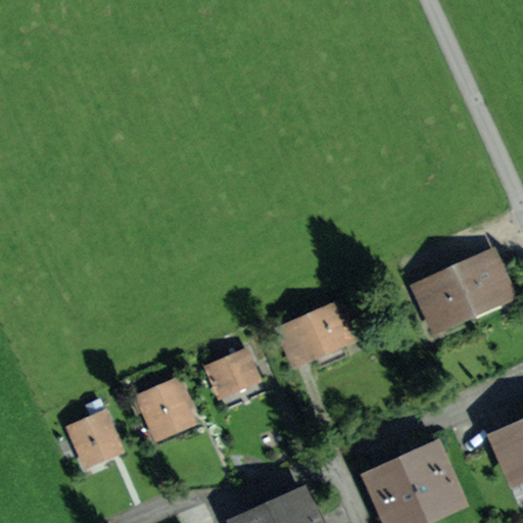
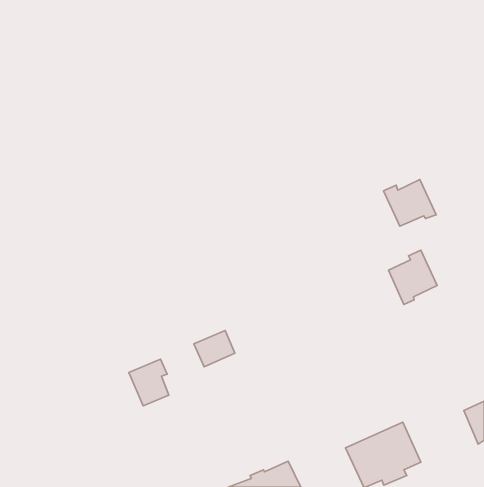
building: [450,255,507,305] -> [384,179,436,226]
building: [279,306,349,361] -> none
building: [69,415,108,462] -> none

